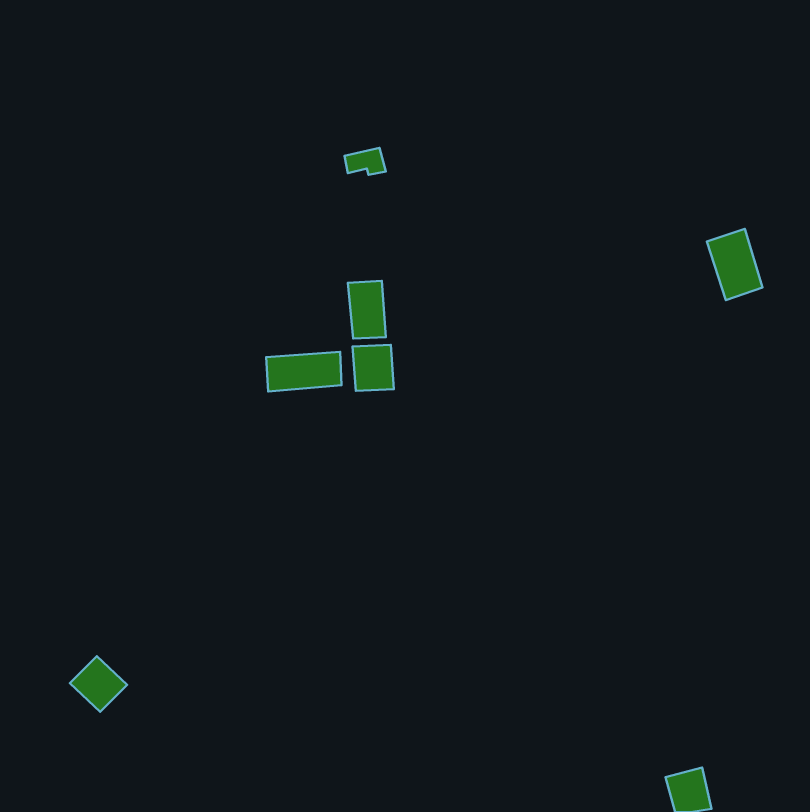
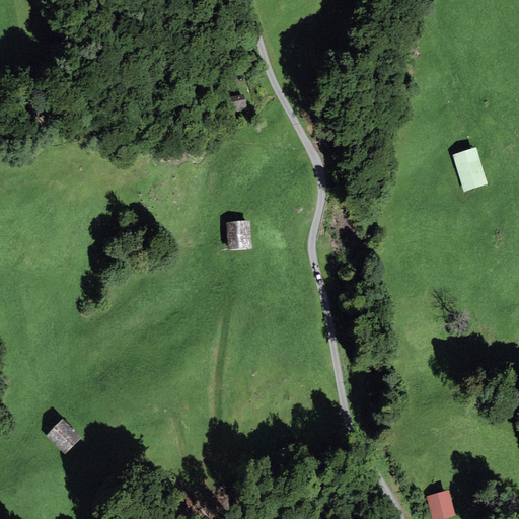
building: [348,281,386,339] -> none
building: [266,352,341,392] -> none

